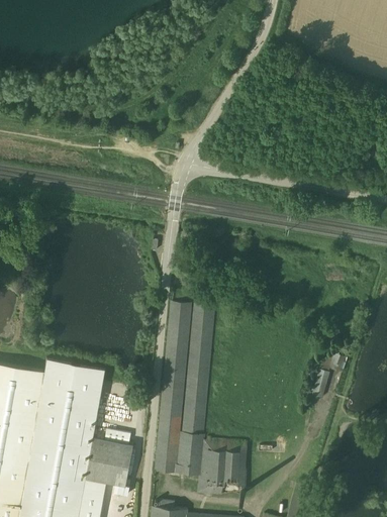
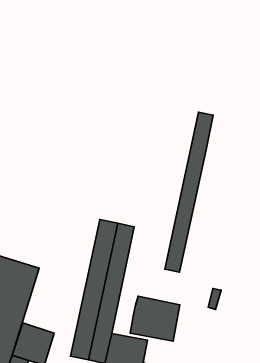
building: none -> [165,112,213,272]
building: none -> [130,296,180,341]

